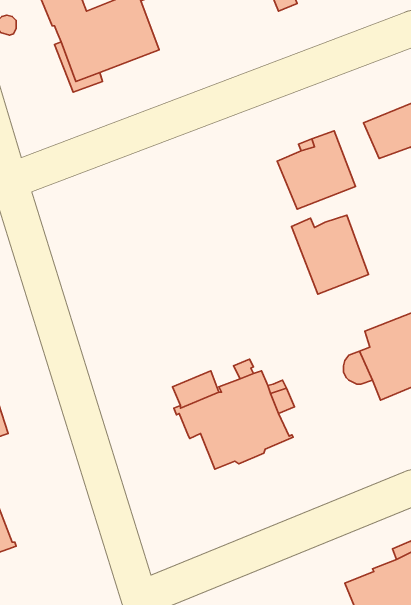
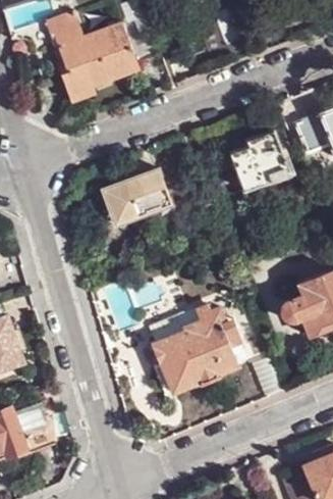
building: none -> [101,168,172,227]
building: [291,215,369,294] -> none

